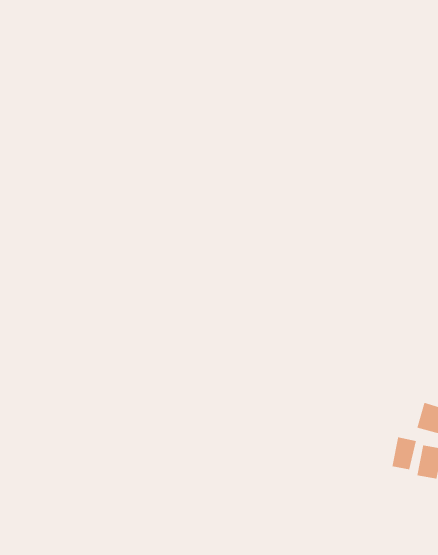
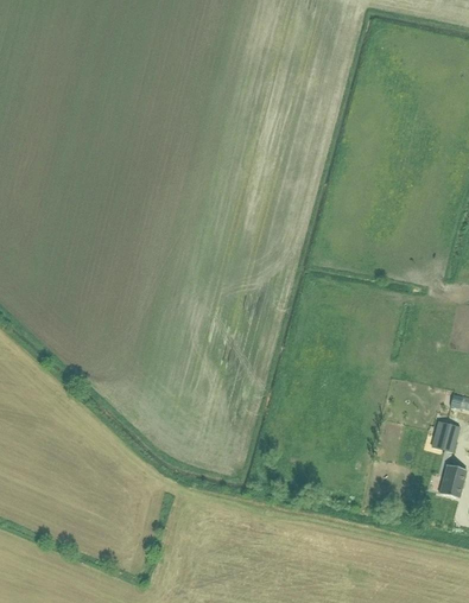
building: [392,437,416,470] -> none

